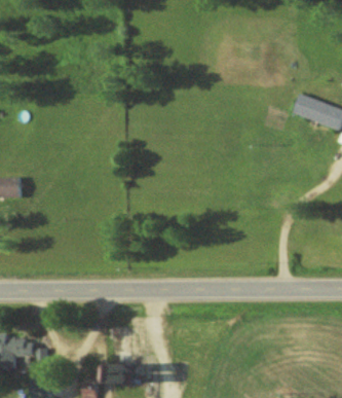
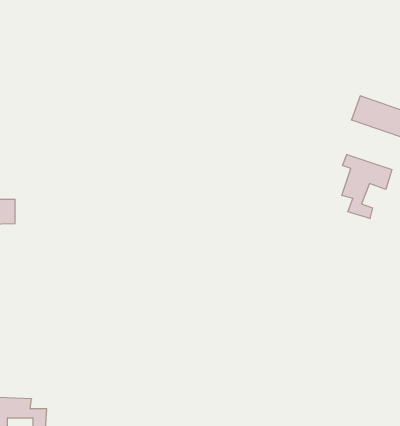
building: none -> [342,154,392,219]

